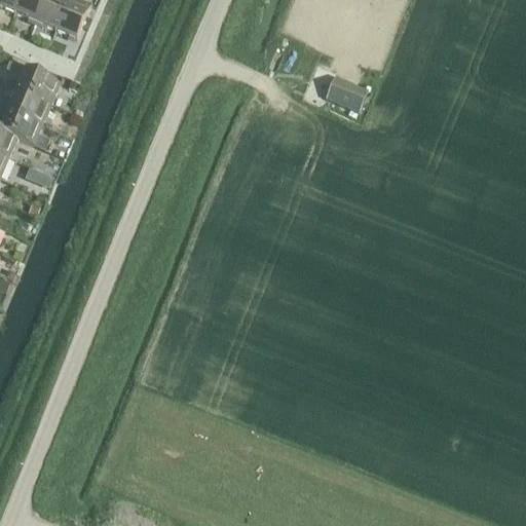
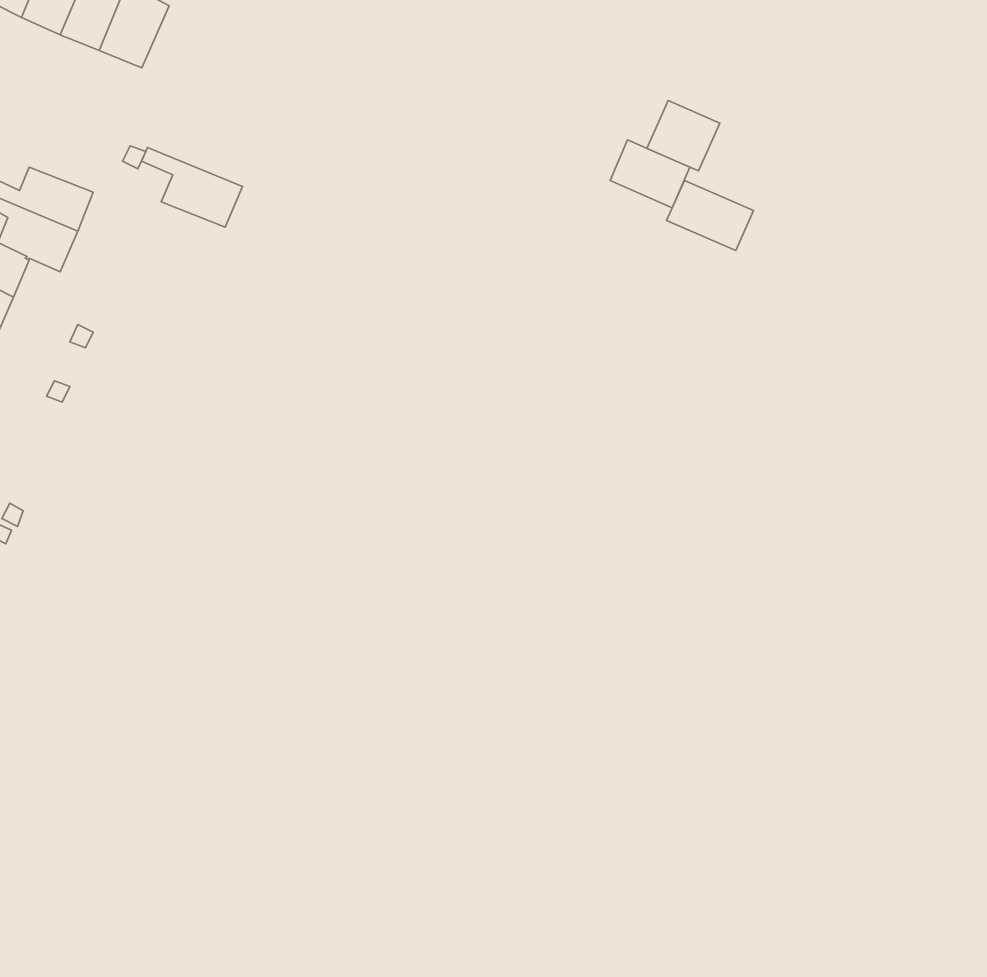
building: none -> [647,101,720,171]
building: [5,60,59,102] -> [142,148,243,227]
building: none -> [667,180,754,251]

